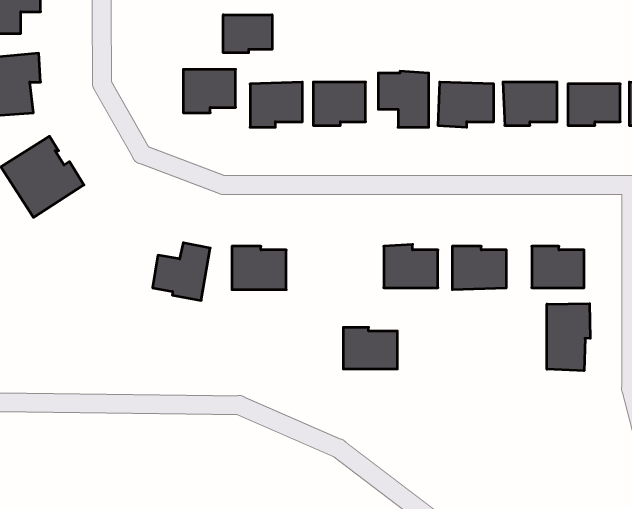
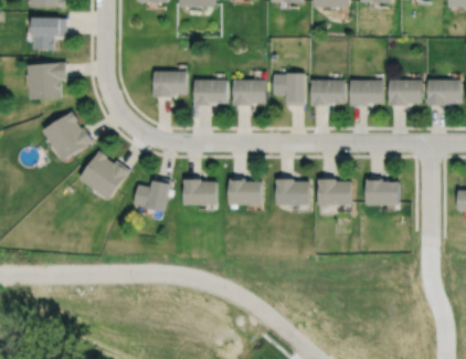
building: [223,15,272,53] -> none
building: none -> [78,151,130,201]
building: [547,304,590,371] -> none
building: [343,327,397,369] -> [229,180,262,205]

